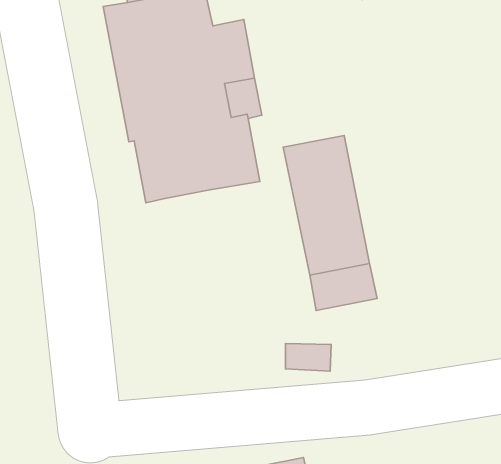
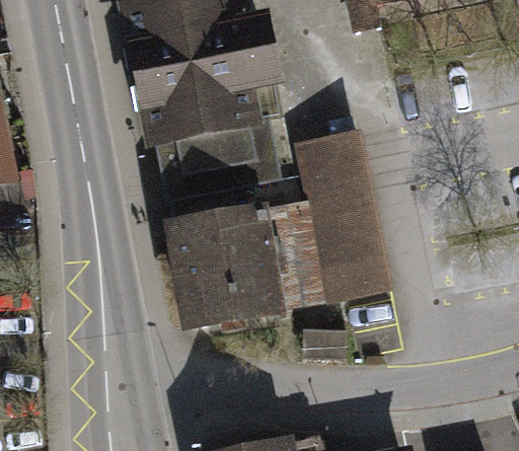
building: none -> [168,187,311,326]

